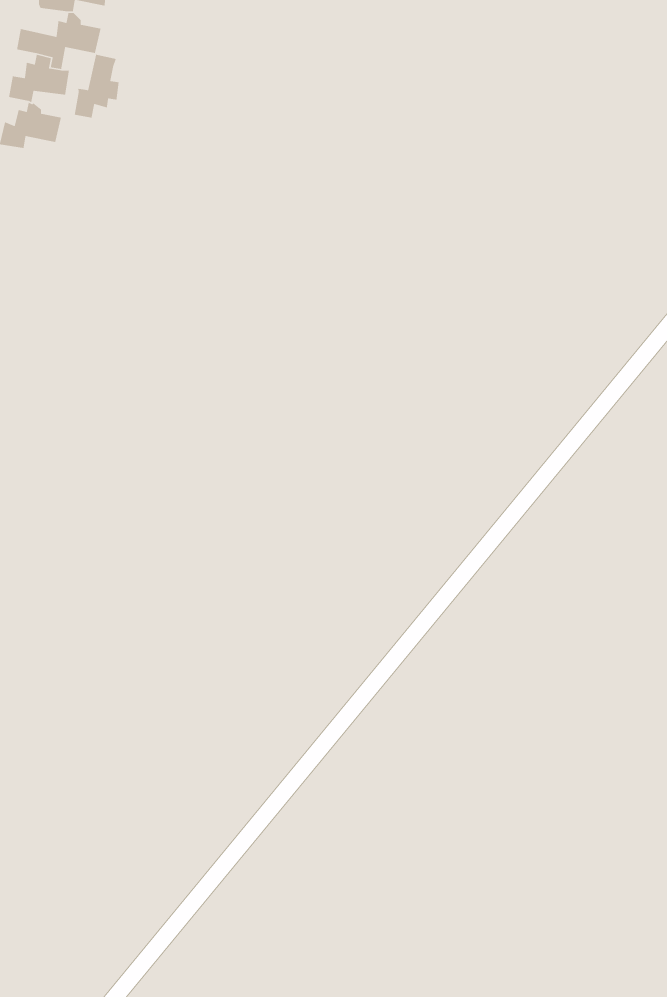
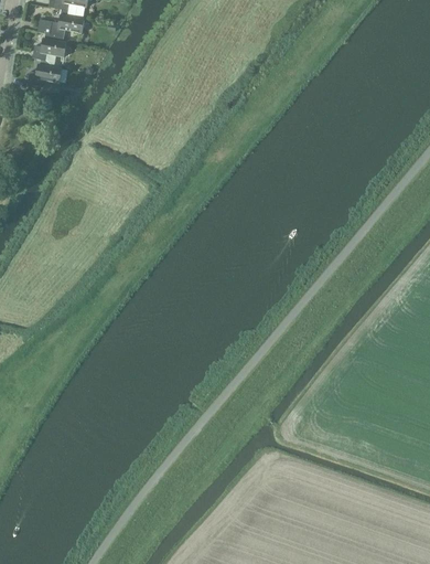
building: [74,54,120,119] -> none

